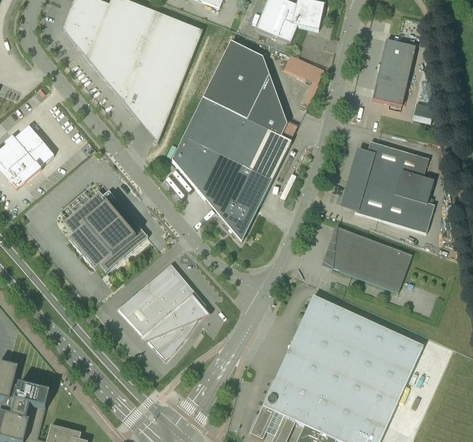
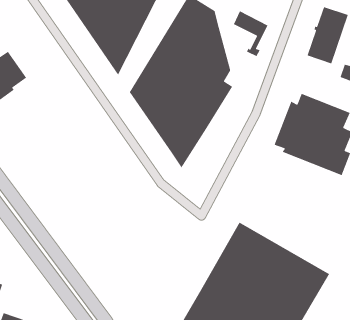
building: [63,190,148,272] -> none
building: [332,225,412,292] -> none
building: [118,263,210,360] -> none

